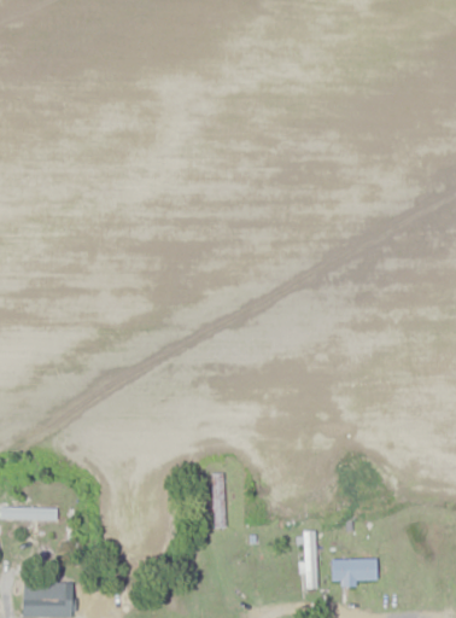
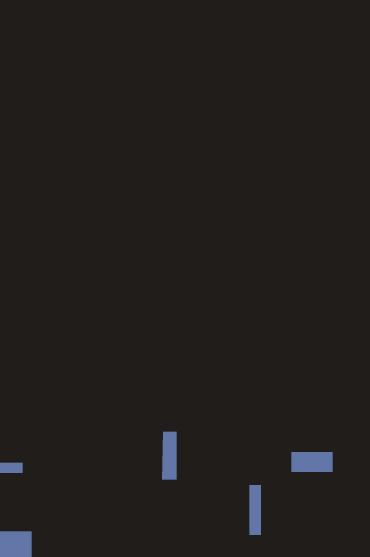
building: [332,560,379,583] -> [290,451,334,472]

